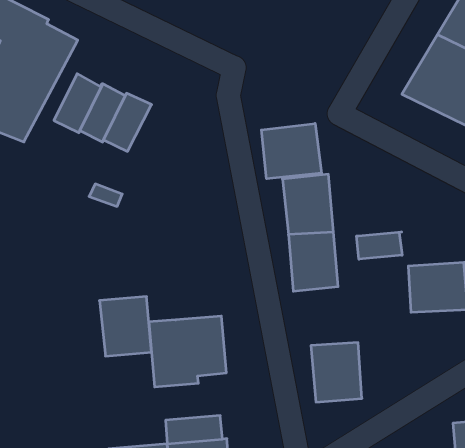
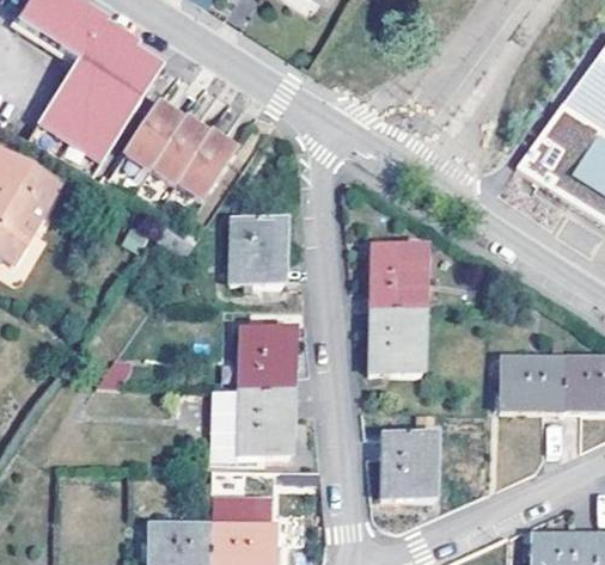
building: [261,123,321,179] -> none
building: none -> [233,216,287,281]
building: [357,232,402,259] -> none
building: [99,297,151,356] -> [239,324,292,387]

